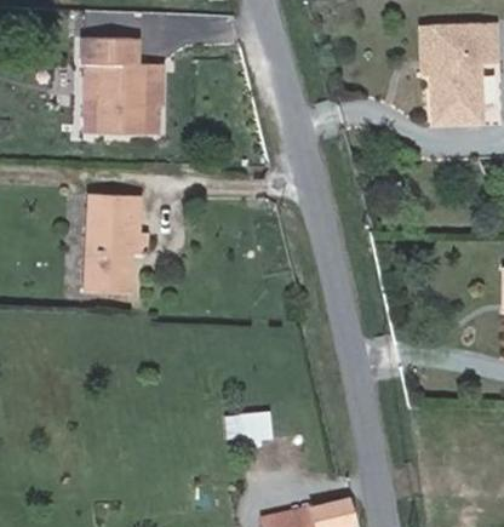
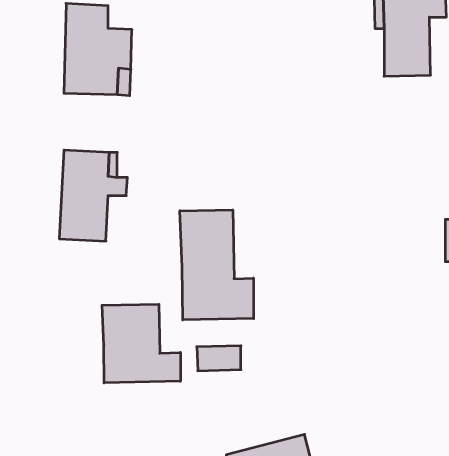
building: none -> [180,210,254,320]
building: none -> [102,304,180,383]

